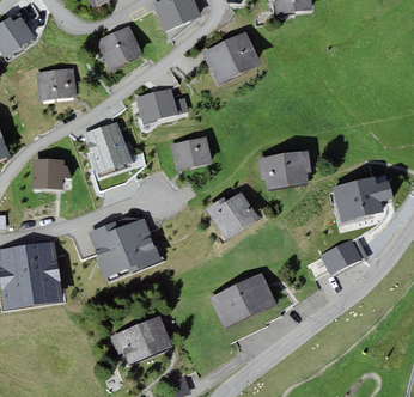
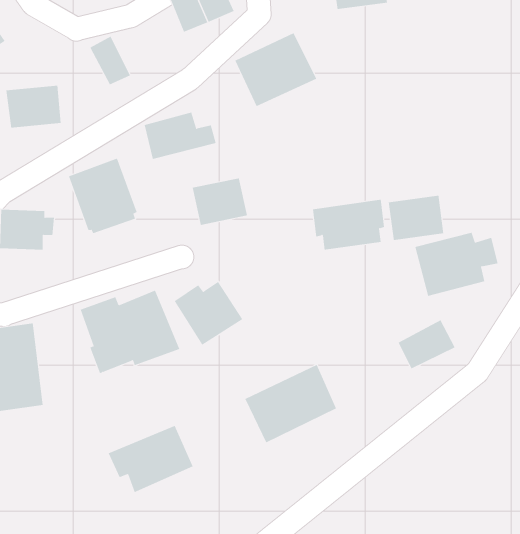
building: [112,26,144,62] -> none
building: none -> [388,195,444,241]
building: [206,194,256,240] -> [174,281,243,346]

